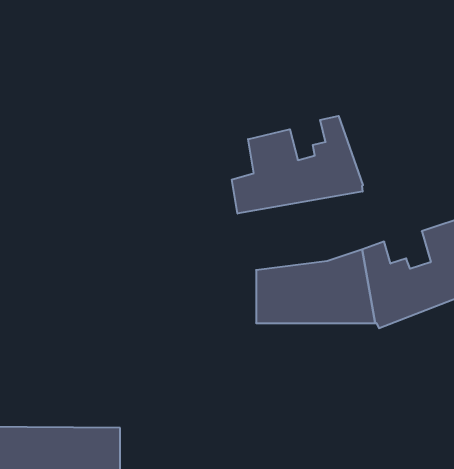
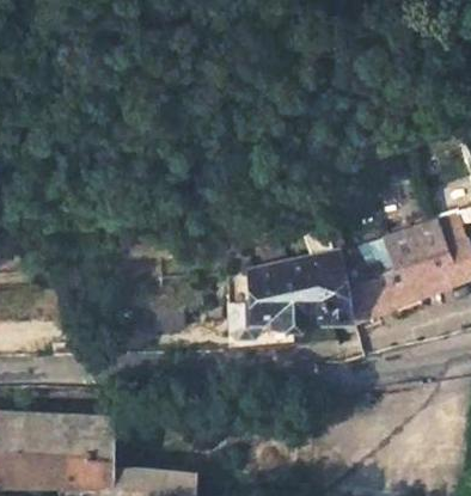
building: [232,116,363,214] -> none

